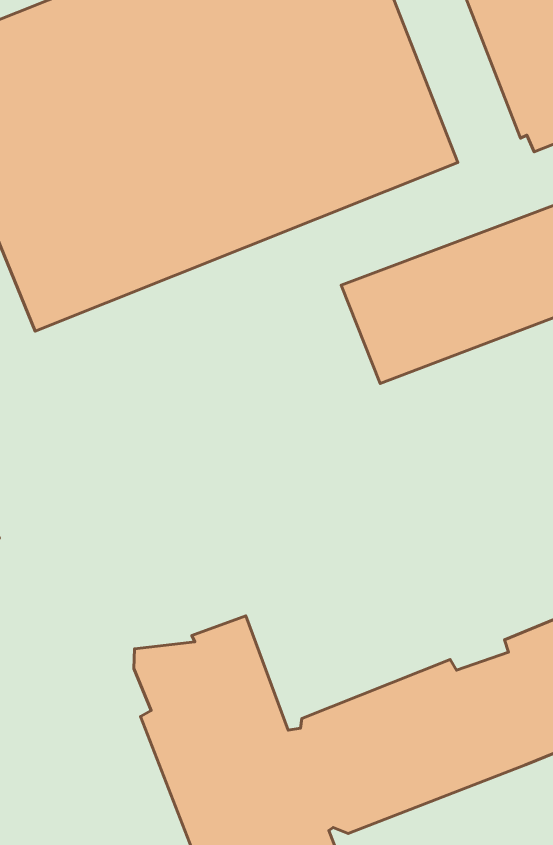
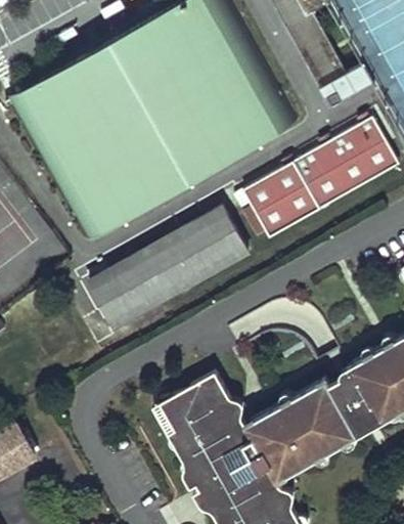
building: none -> [93,207,246,326]

